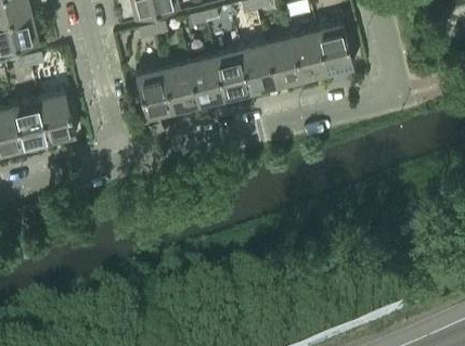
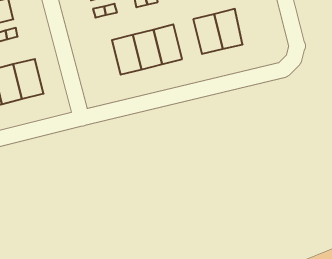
building: [315,23,353,74] -> none
building: [238,42,274,92] -> none
building: [135,68,172,118] -> none

